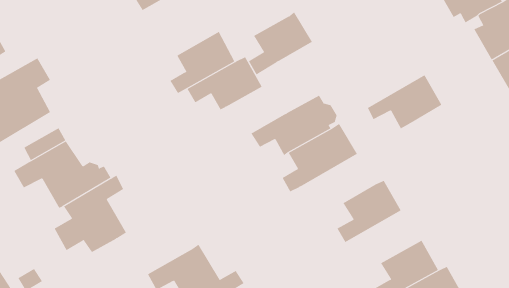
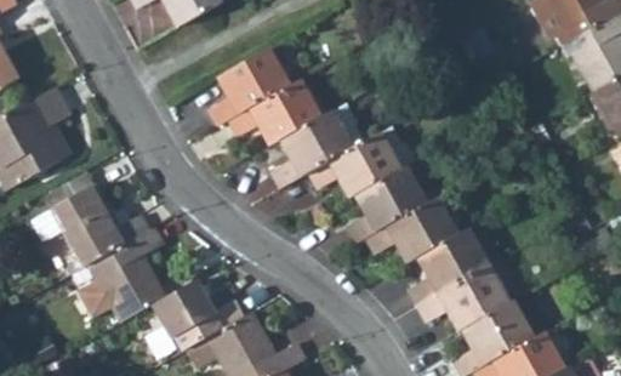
building: [248,12,313,75] -> [274,114,352,190]
building: [367,74,442,129] -> [369,199,458,264]
building: none -> [422,267,511,331]
building: none -> [149,277,239,346]

